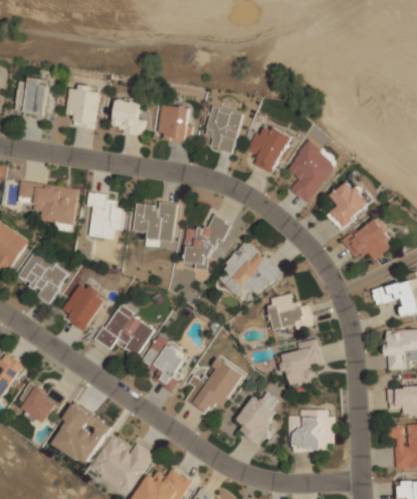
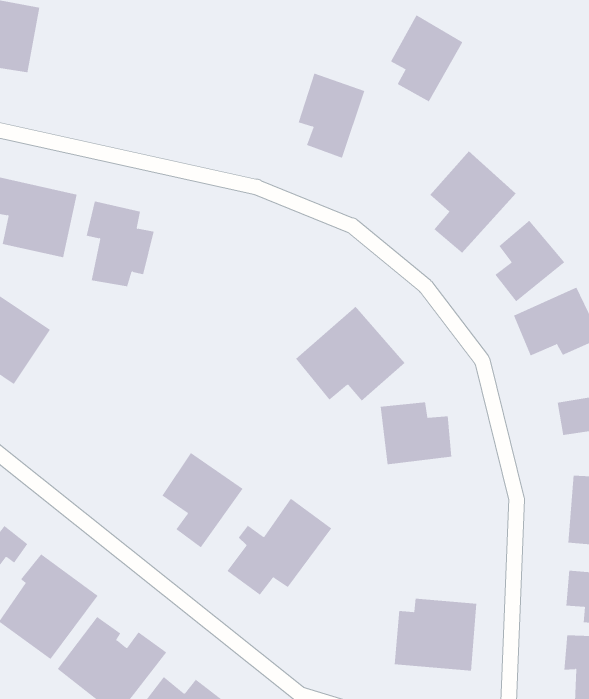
building: [65,82,100,130] -> none
building: [112,98,147,136] -> none
building: [157,103,194,143] -> none
building: [248,123,290,175] -> [390,14,463,102]
building: [132,199,177,247] -> none
building: [179,215,229,272] -> none
building: [63,279,107,332] -> none
building: [95,303,157,356] -> none
building: [279,338,324,387] -> none
building: [237,392,283,445] -> none

